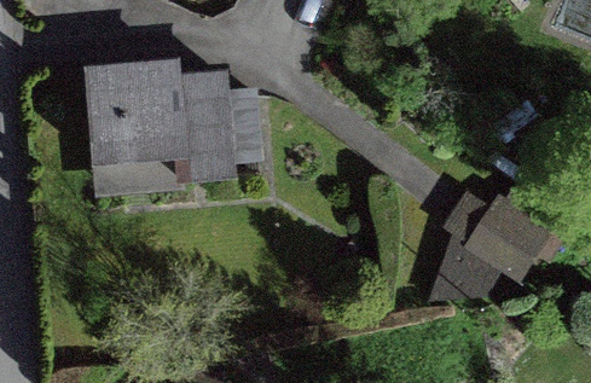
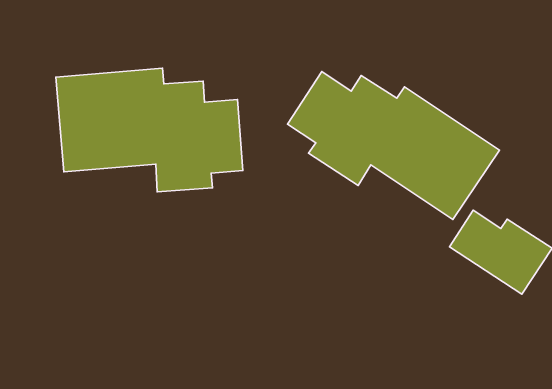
building: none -> [288,72,499,220]

